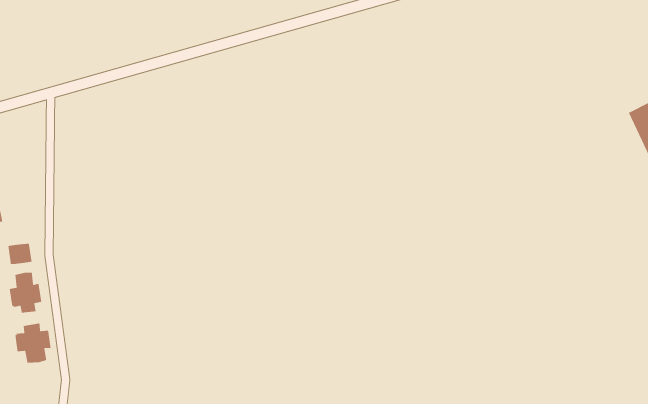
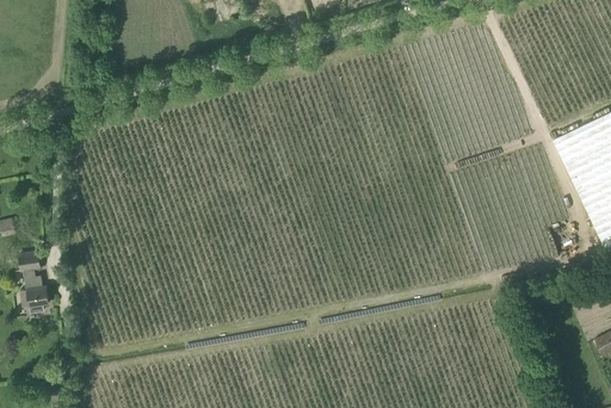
building: [14,322,52,363] -> none

